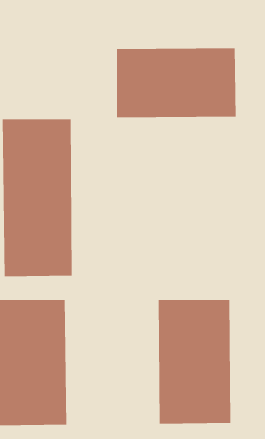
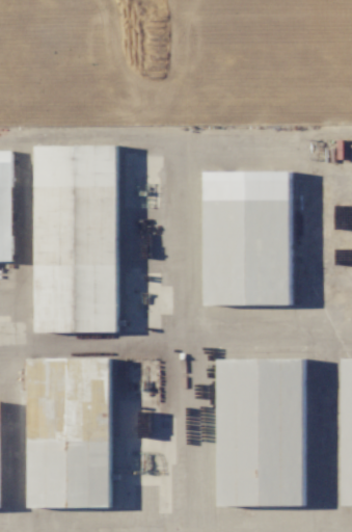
building: [116,48,237,118] -> none
building: none -> [205,172,291,307]

